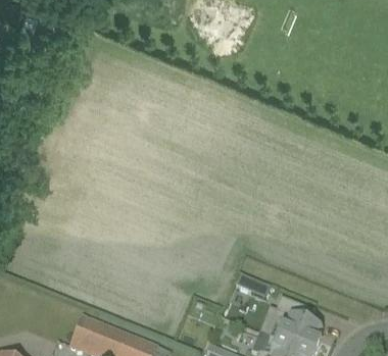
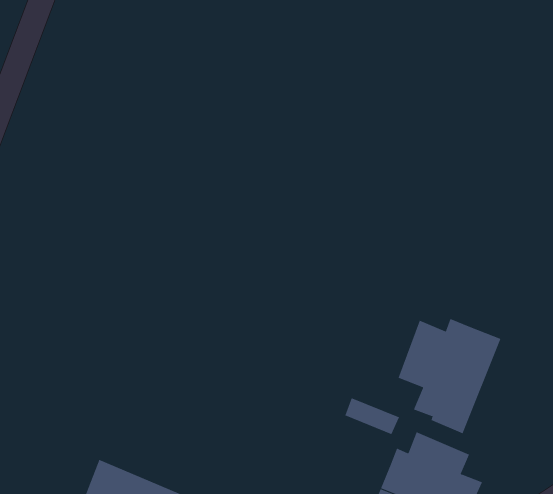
building: none -> [398,318,501,434]

